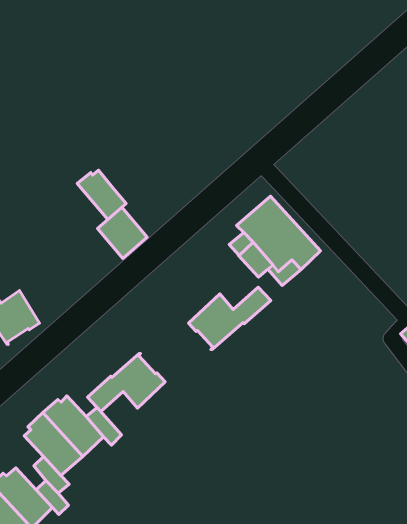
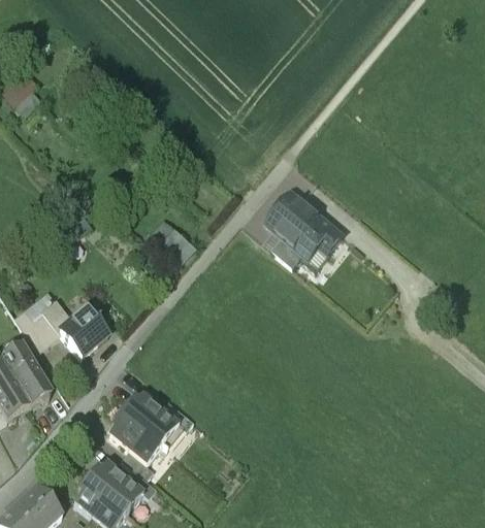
building: [77,170,126,220] -> none
building: [188,287,271,350] -> none
building: [87,353,165,412] -> none

